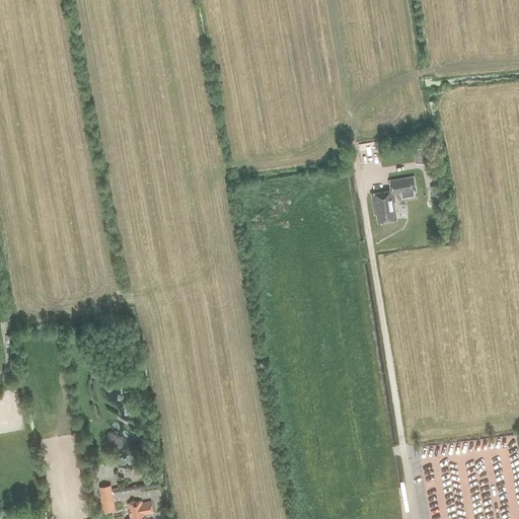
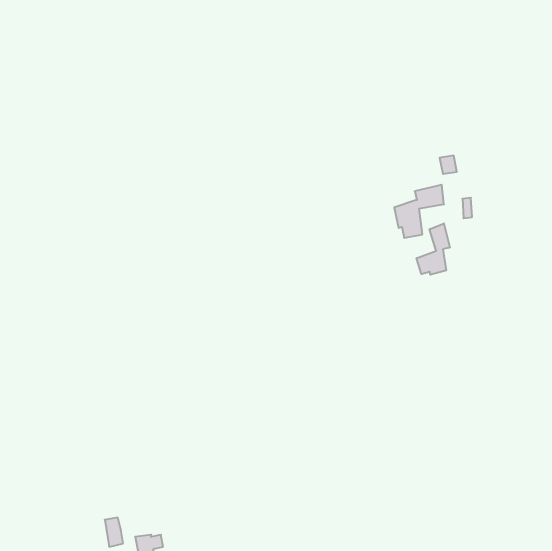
building: none -> [417,223,450,275]

